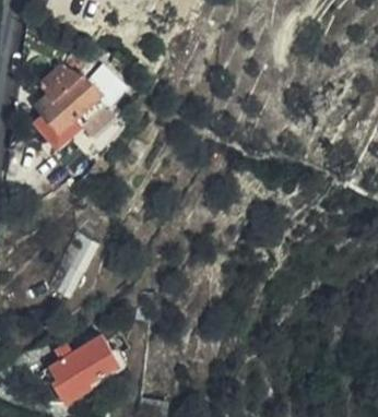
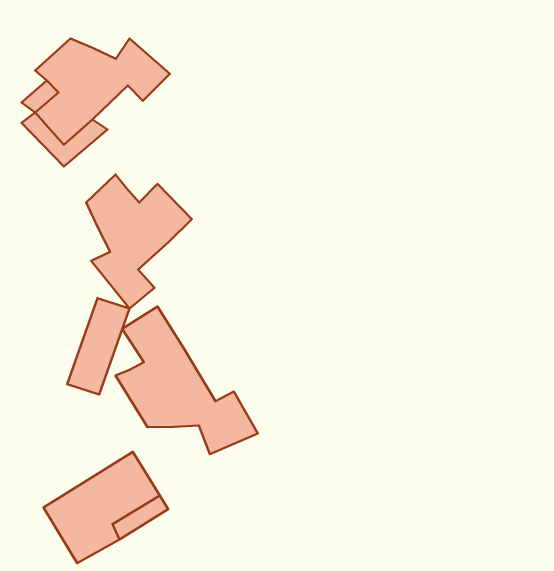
building: none -> [86,174,192,309]
building: none -> [115,307,258,454]

